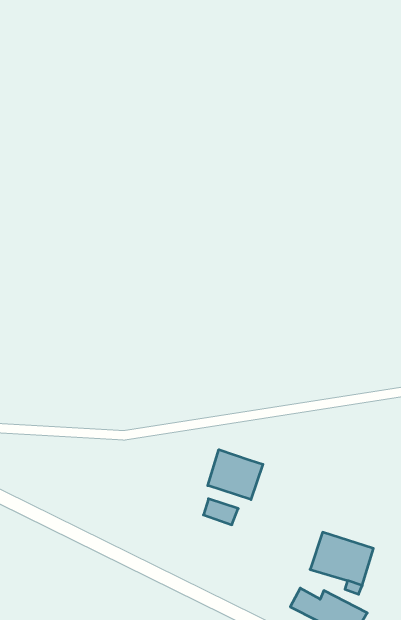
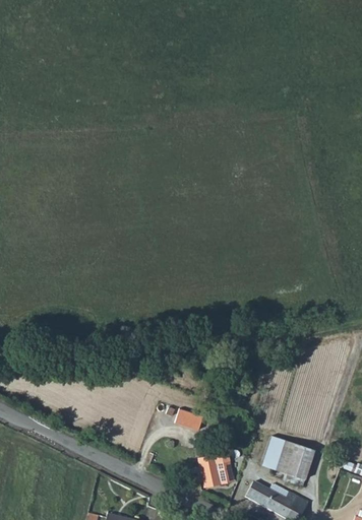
building: [208,450,263,500] -> none
building: none -> [196,452,233,486]

